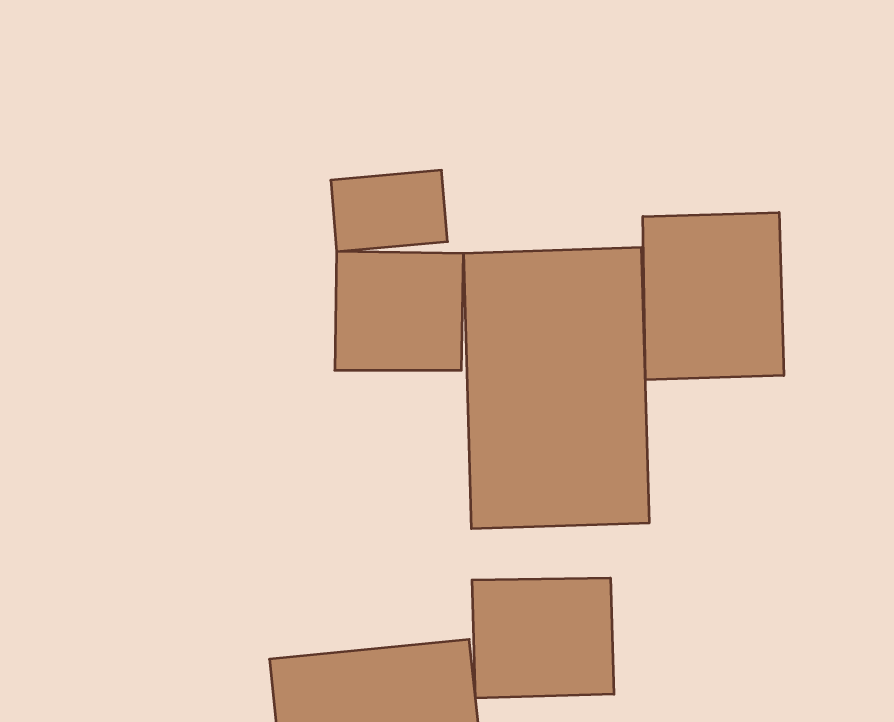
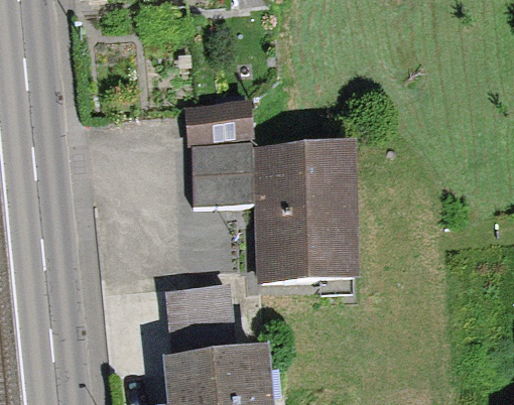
building: [643,212,784,380] -> none
building: [472,578,614,698] -> none

